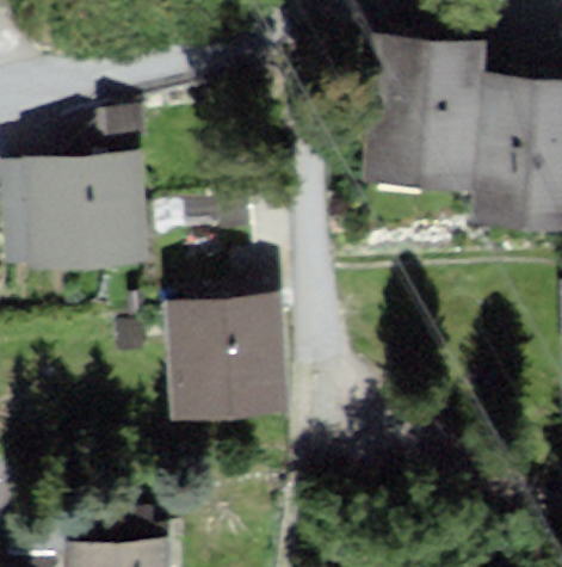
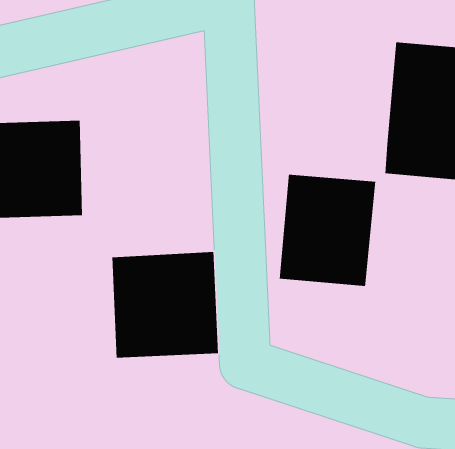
building: [354,38,480,186] -> none
building: none -> [279,174,376,287]

